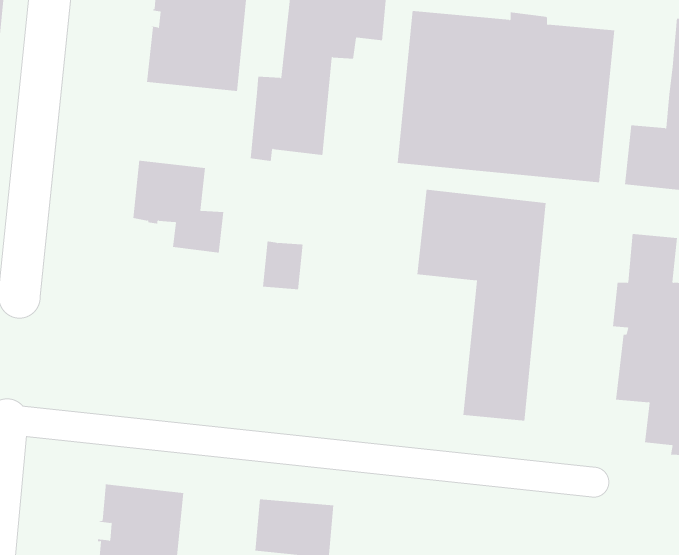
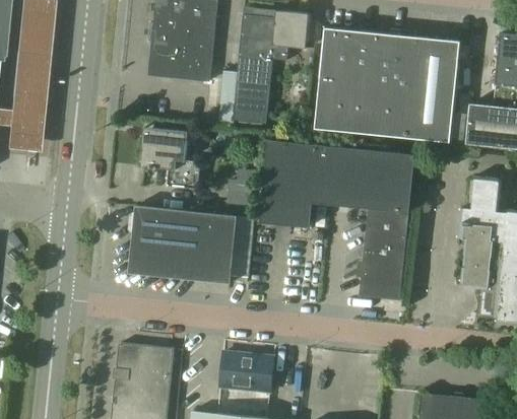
building: none -> [259,140,333,226]
building: none -> [128,205,251,282]

